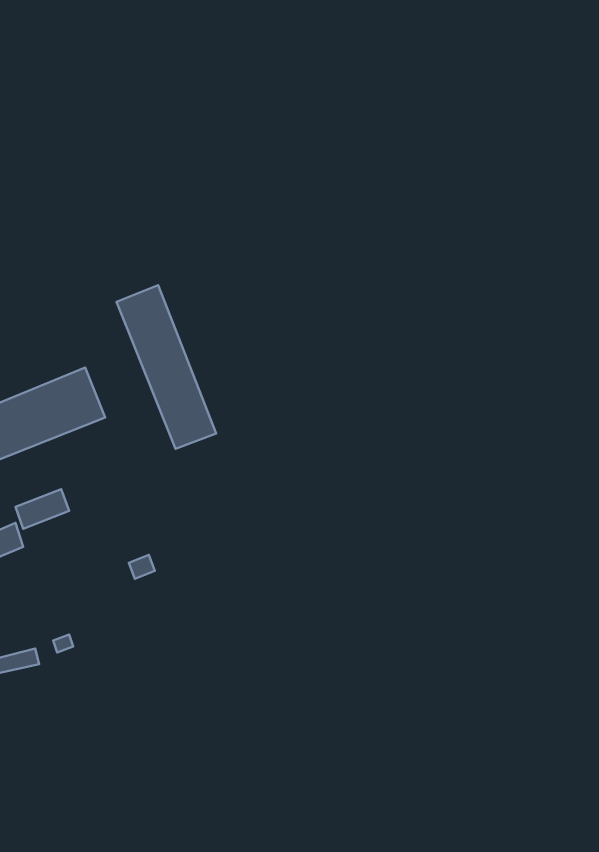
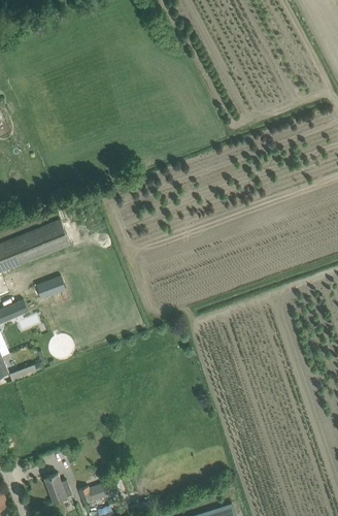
building: [117,285,216,449] -> none

